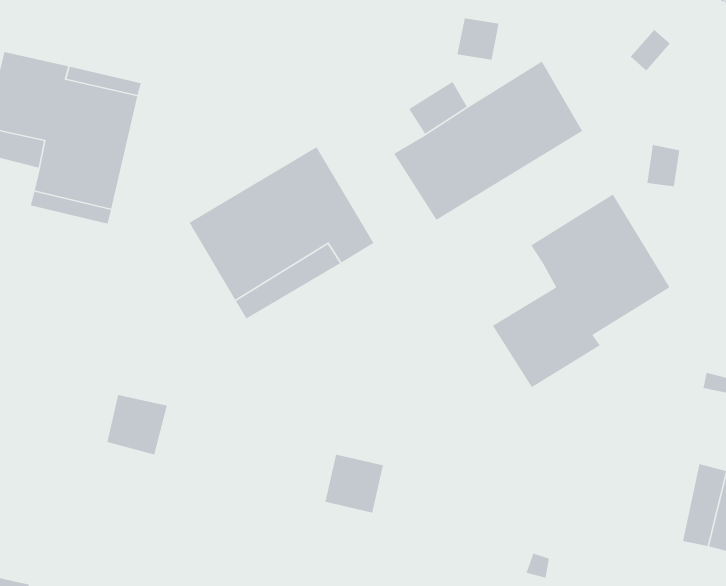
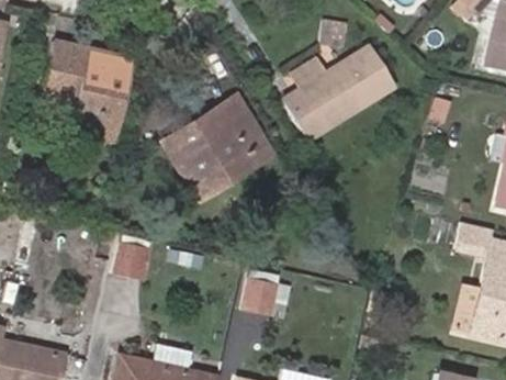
building: [492,193,670,388] -> none

